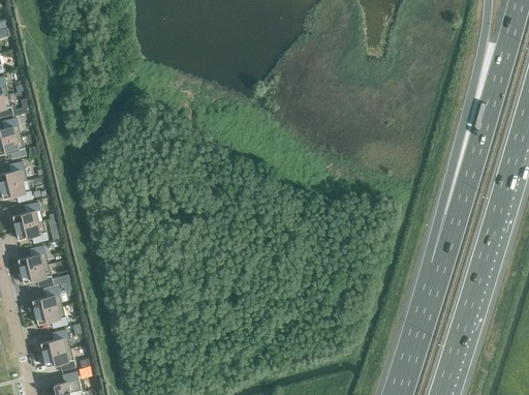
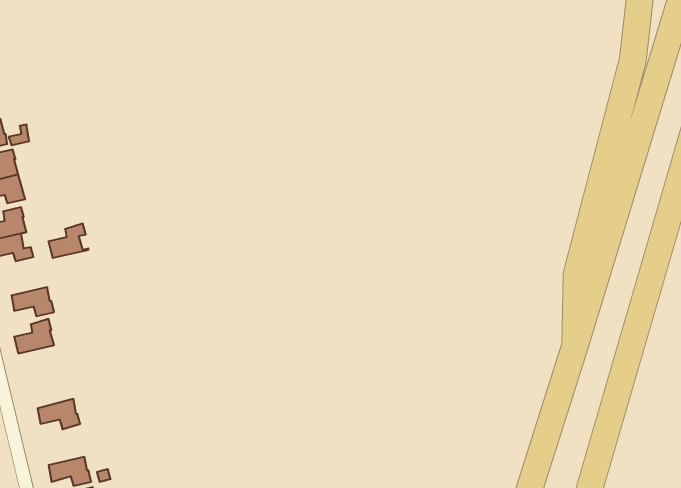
building: [11,202,41,227] -> [48,224,88,258]
building: [17,265,52,286] -> none
building: [31,286,61,312] -> none
building: [39,329,69,355] -> none

